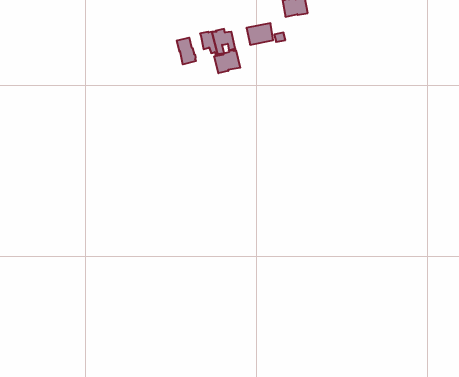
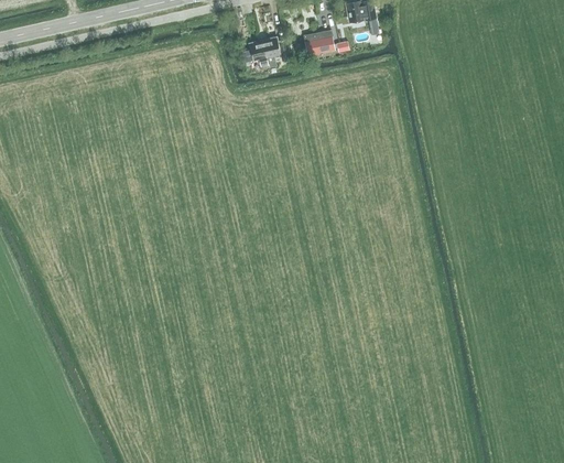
building: [177,38,196,64] -> none
building: [214,50,240,73] -> none

